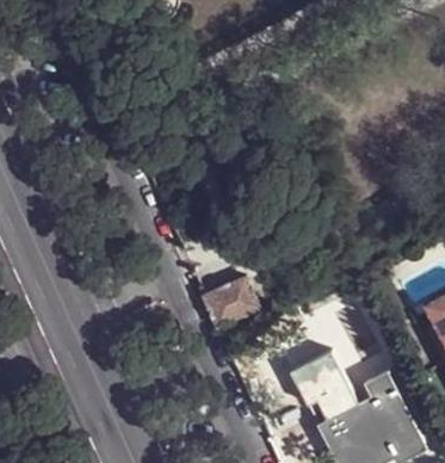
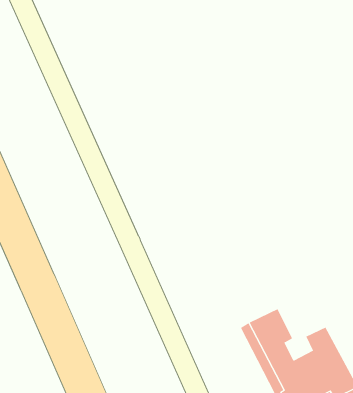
building: [203,278,260,328] -> none

